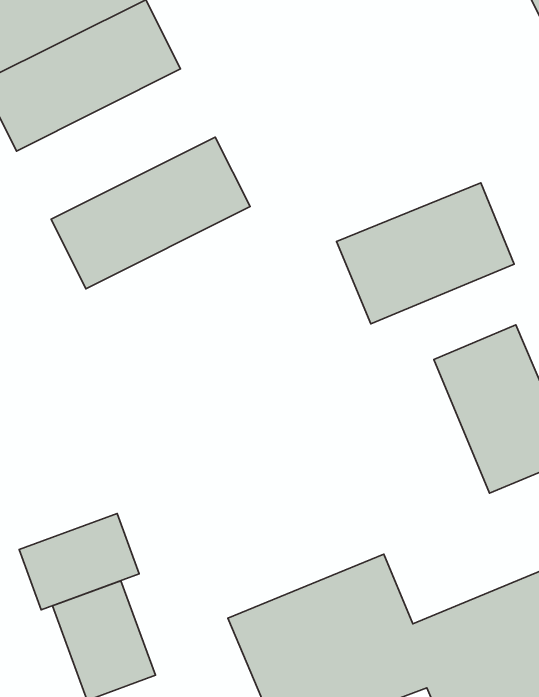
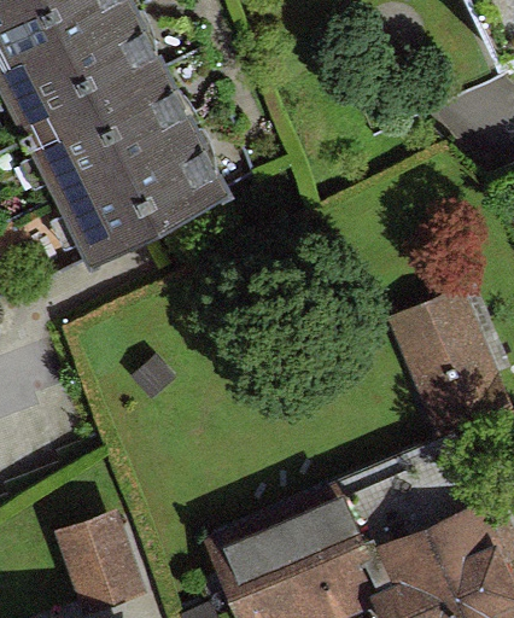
building: none -> [27,68,199,198]
building: [337,183,514,324] -> none
building: [19,513,139,610] -> none

